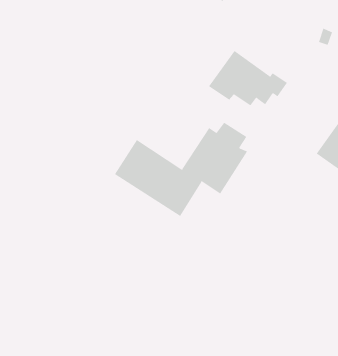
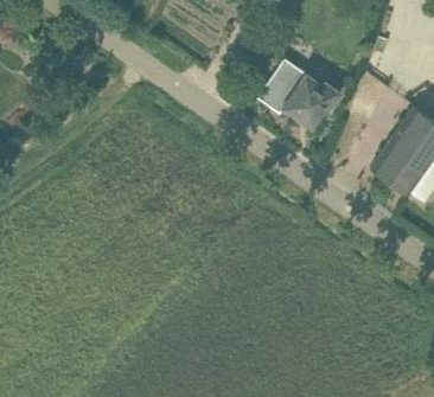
building: [114,122,248,217] -> none

